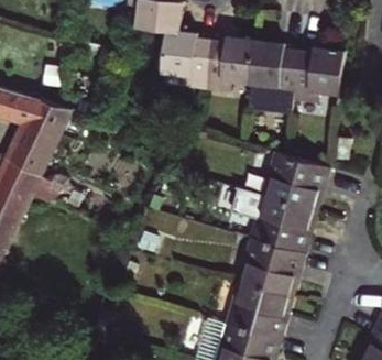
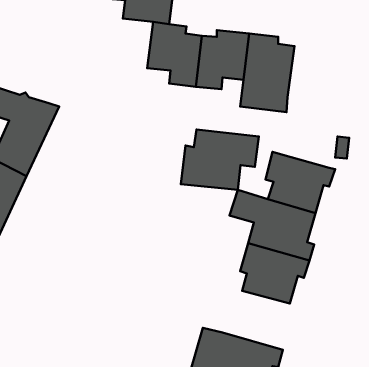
building: [288,47,341,102] -> none
building: none -> [181,129,259,190]
building: [227,283,291,339] -> none

